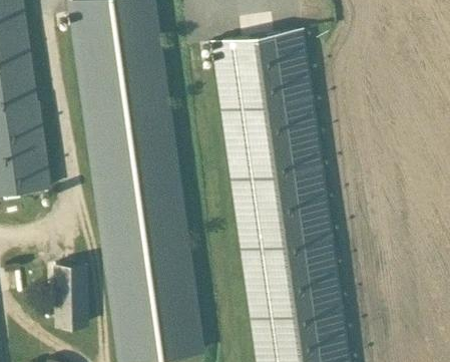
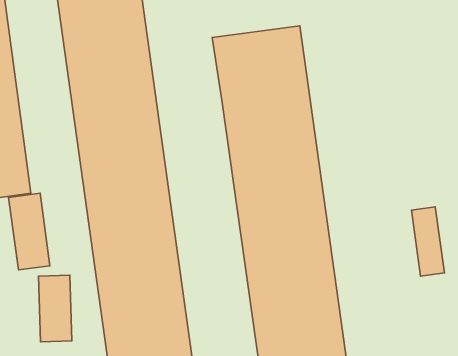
building: none -> [8,193,50,270]
building: none -> [411,207,444,276]

